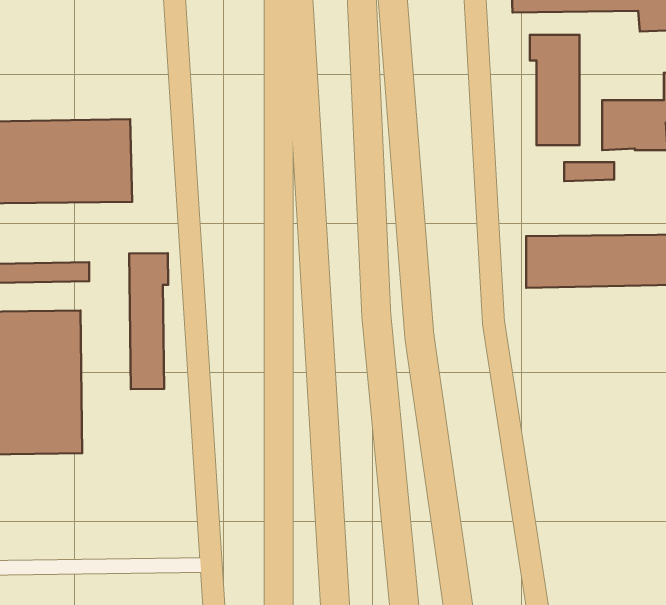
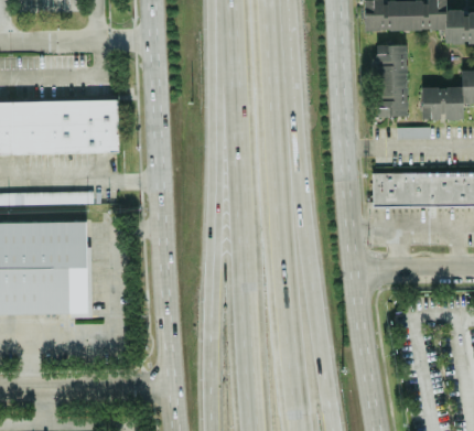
building: [129,253,168,389] -> none

